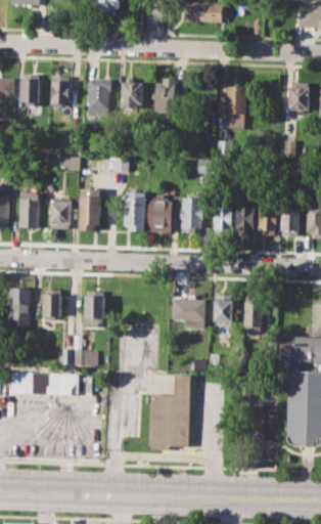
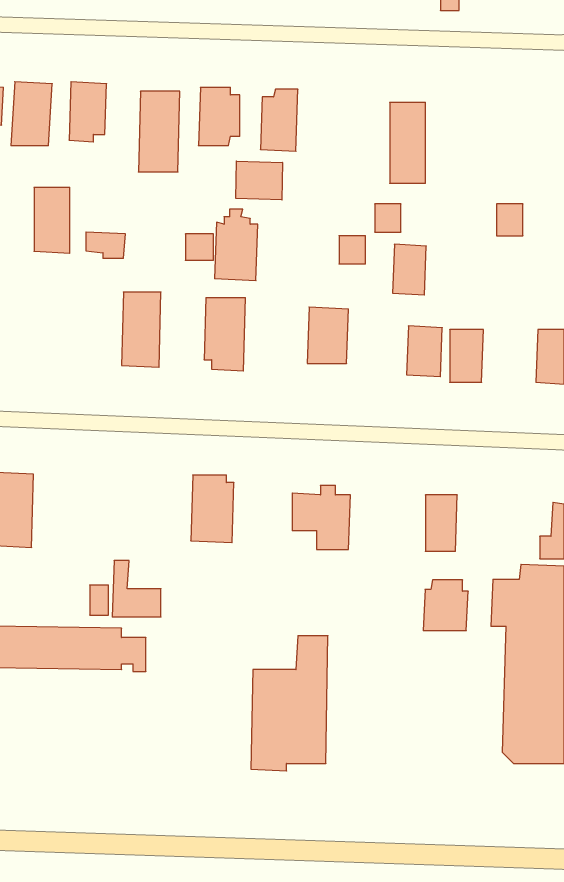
building: [288,83,309,113] -> none
building: none -> [236,161,282,200]
building: [20,193,40,229] -> [34,187,70,253]
building: [148,193,172,232] -> [215,209,258,281]
building: [50,199,74,229] -> none
building: [213,208,231,235] -> [393,244,426,295]
building: [280,210,299,238] -> none
building: [43,291,64,319] -> none
building: [83,292,106,329] -> [191,475,234,543]
building: [212,295,236,322] -> [423,580,468,631]

